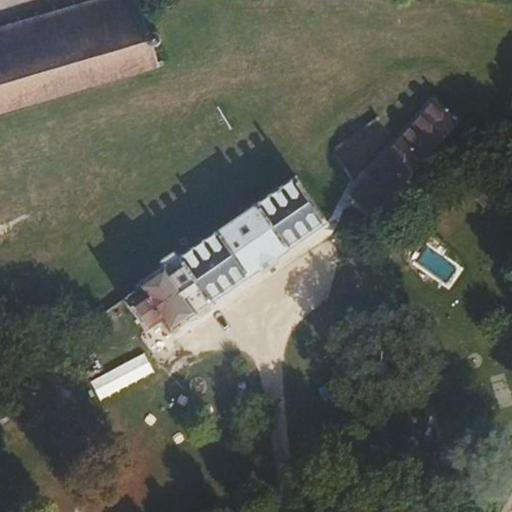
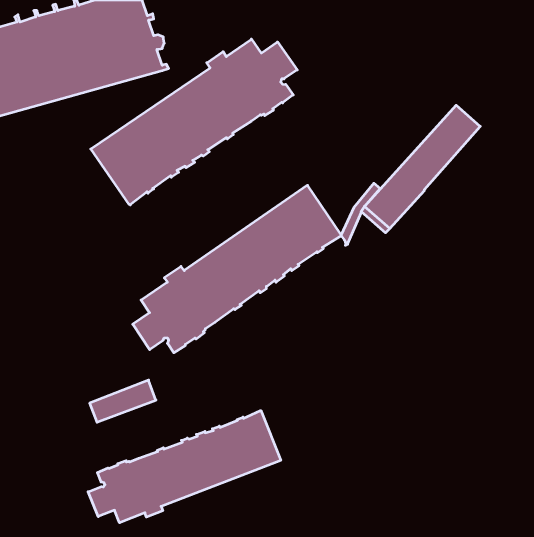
building: none -> [91,39,297,205]
building: none -> [88,411,281,523]

